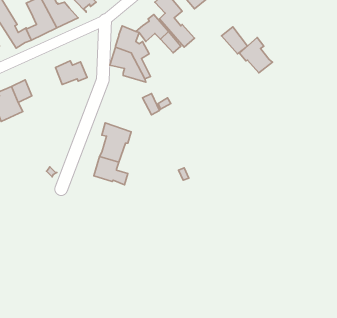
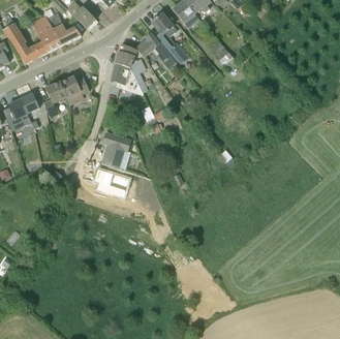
building: [239,38,272,73] -> none
building: none -> [43,81,66,116]

